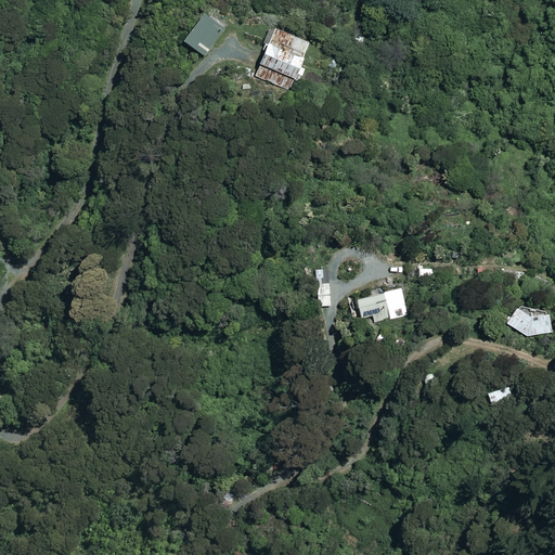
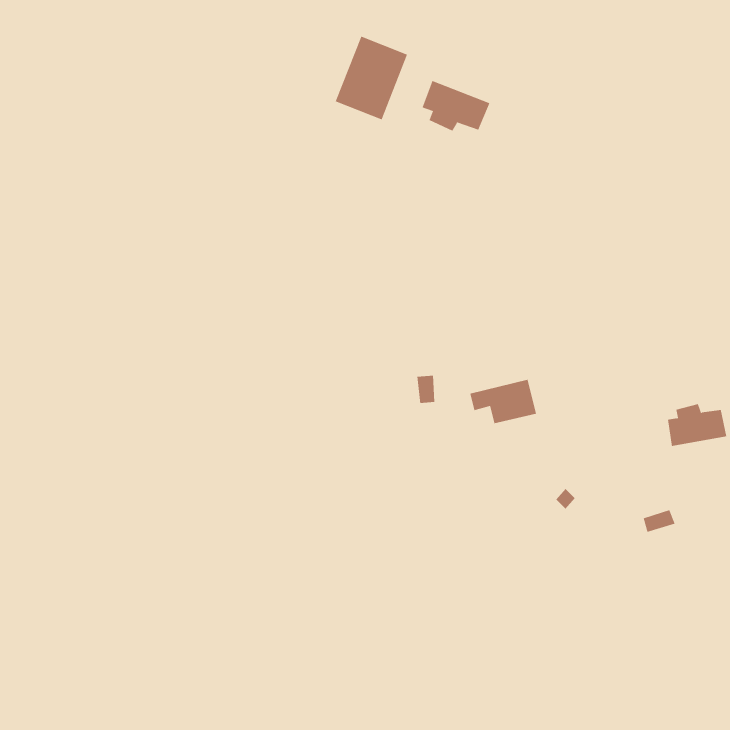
building: [184,14,224,55] -> none
building: none -> [422,80,490,132]

